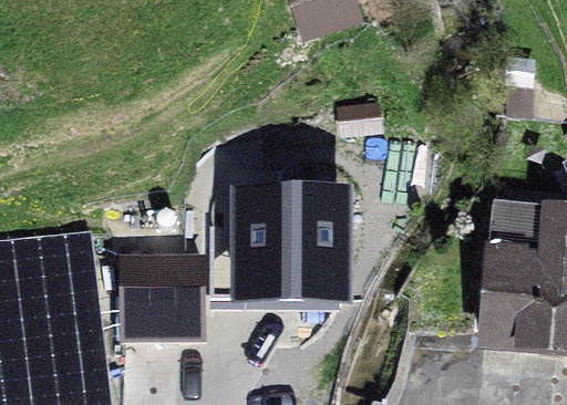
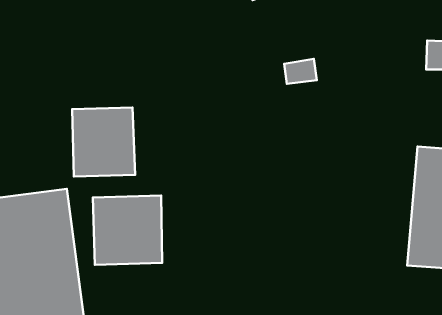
building: none -> [72,107,135,176]
building: [223,185,339,297] -> none

